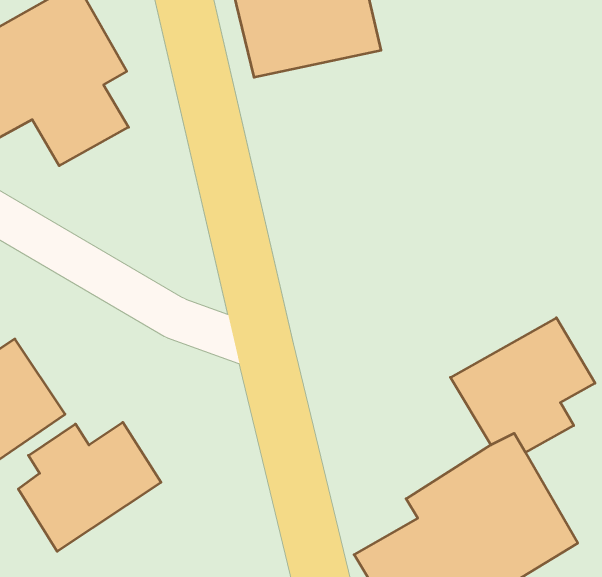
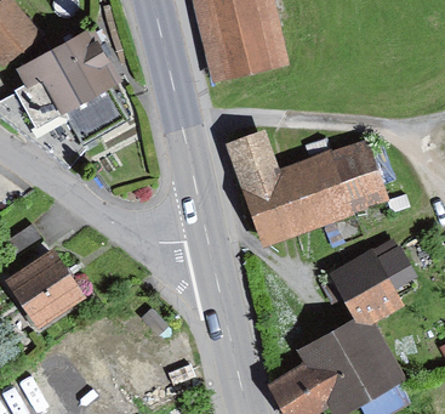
building: none -> [219,137,387,242]
building: [18,422,161,551] -> none

